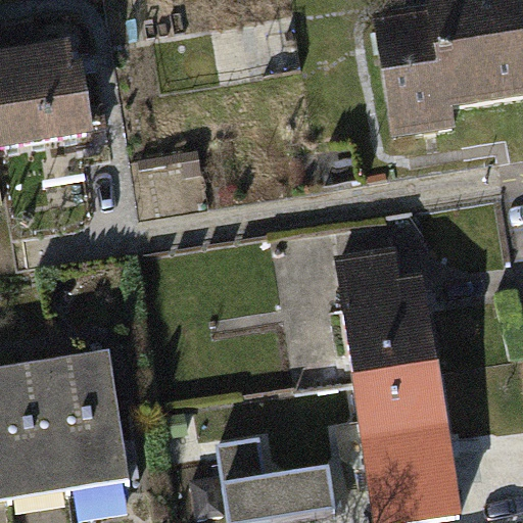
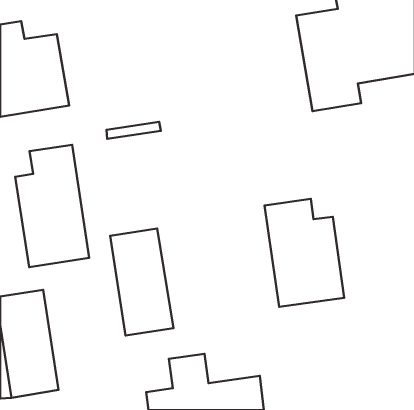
building: none -> [15,145,89,267]
building: [55,355,135,490] -> [110,228,173,336]
building: [352,375,446,511] -> none

